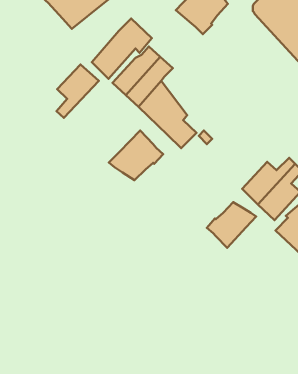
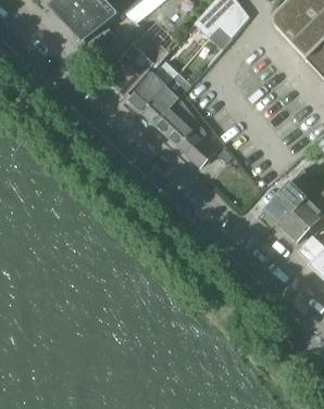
building: [56,64,99,118] -> none
building: [109,130,163,180] -> none
building: [207,202,256,248] -> none

